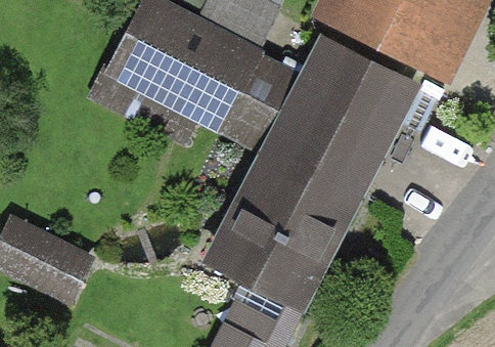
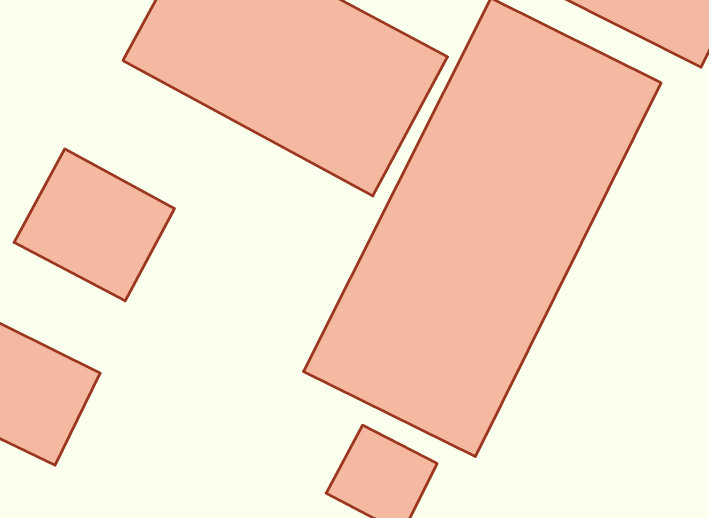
building: none -> [14,149,174,301]

